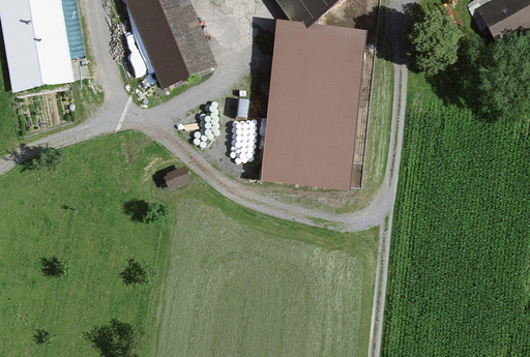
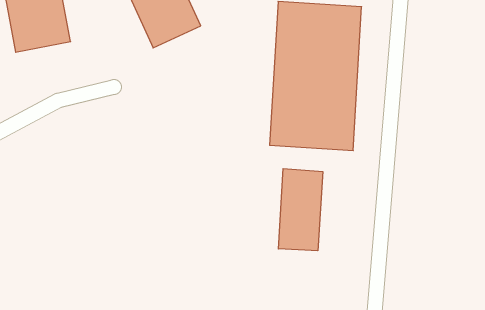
building: none -> [278,169,323,251]

